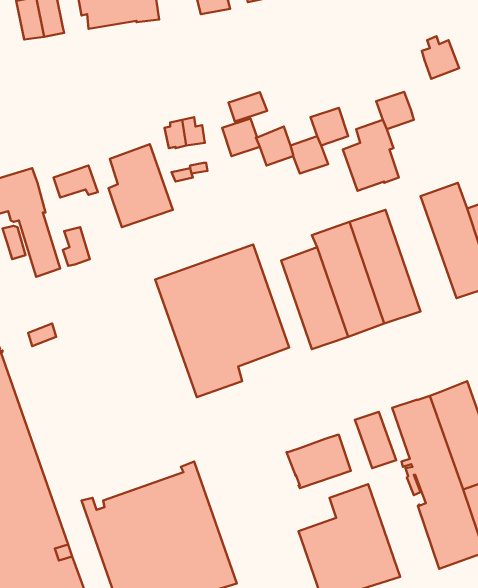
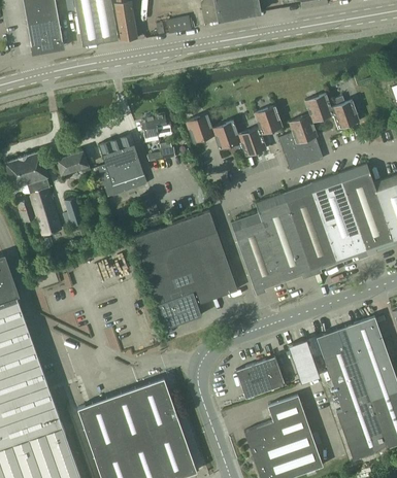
building: [422,36,459,79] -> [331,96,360,129]
building: [228,92,267,122] -> none
building: none -> [311,173,366,262]

